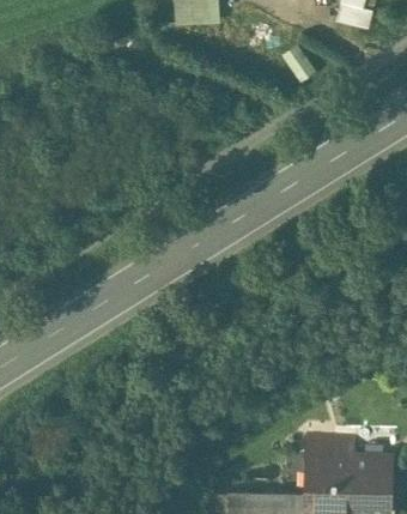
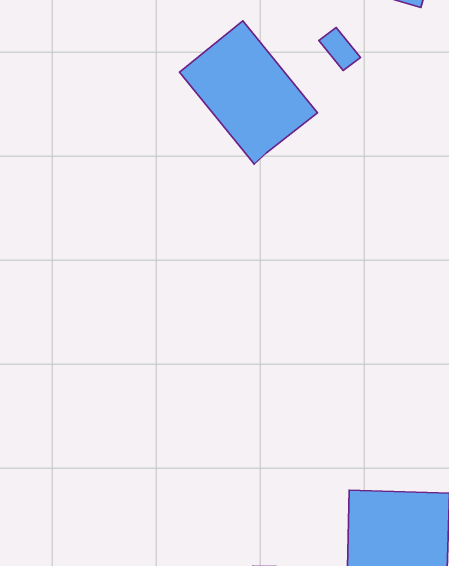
building: none -> [180,21,318,164]

